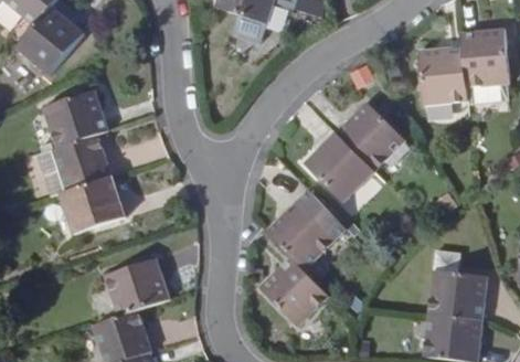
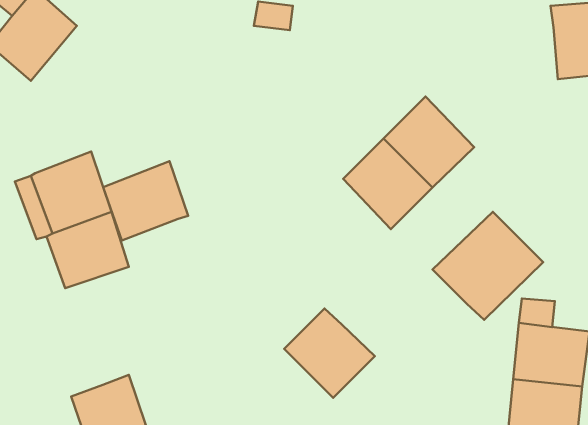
building: [420,45,468,103] -> none
building: [52,96,117,157] -> [103,161,188,240]
building: [262,190,347,273] -> [432,212,543,320]
building: [103,258,168,319] -> none

